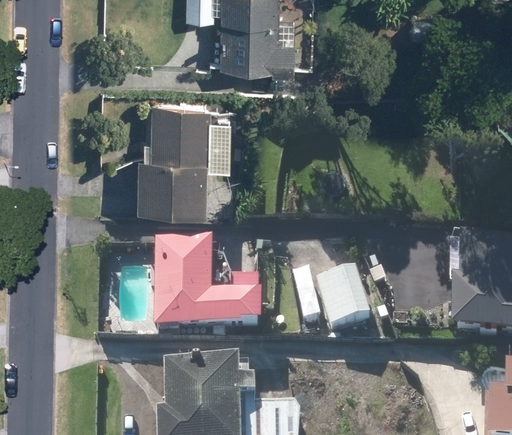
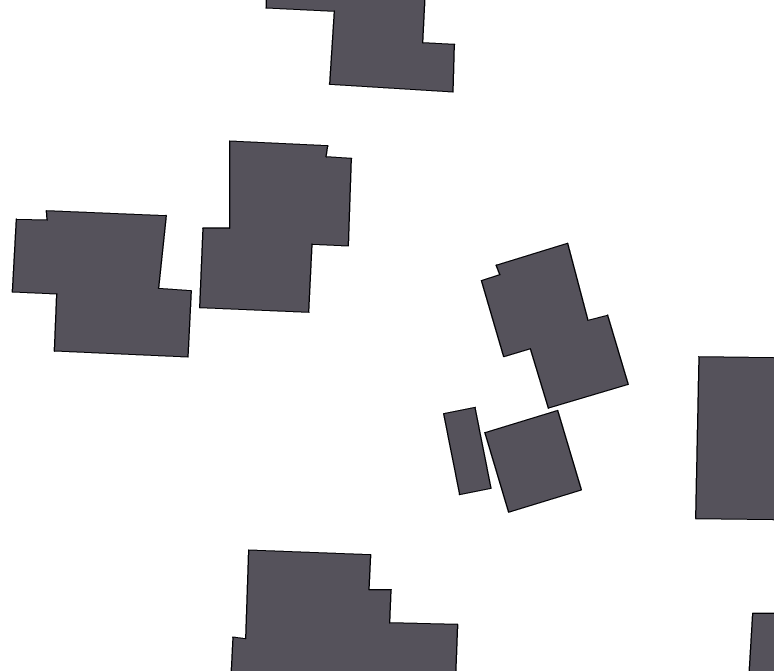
building: none -> [12,211,191,357]
building: none -> [482,243,628,408]
building: [154,238,261,326] -> none

